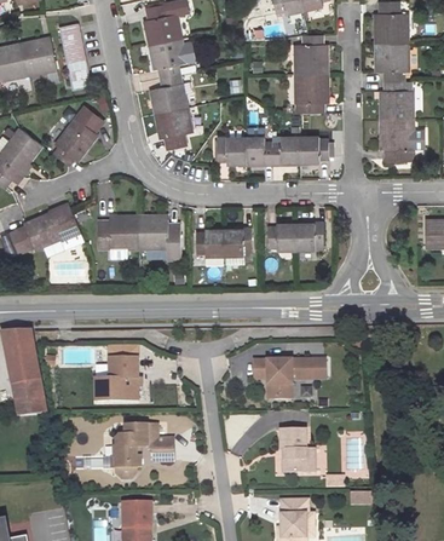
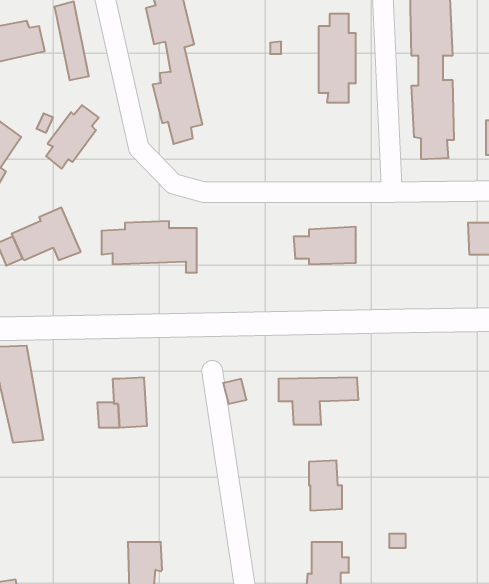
building: [218,138,334,169] -> none
building: [200,228,259,269] -> none
building: [116,421,178,474] -> none

